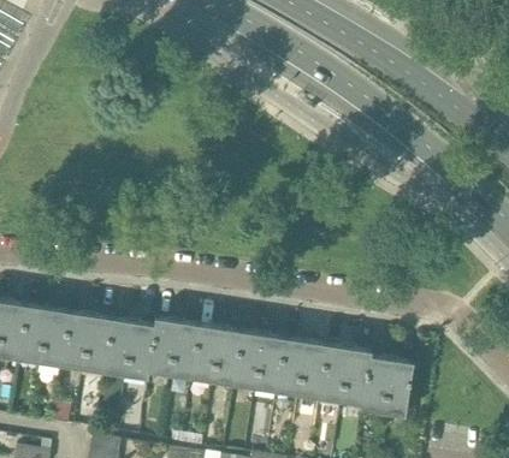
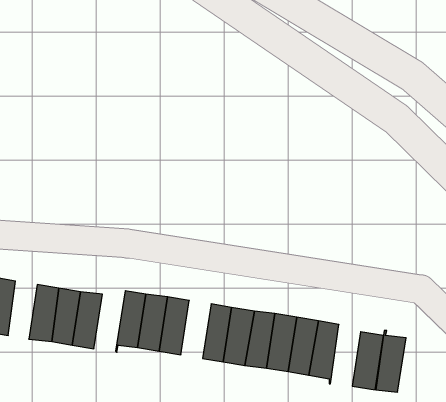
building: [40,309,69,367] -> none
building: [125,319,156,379] -> none
building: [212,328,242,386] -> none
building: [361,352,391,414] -> [376,331,406,392]

